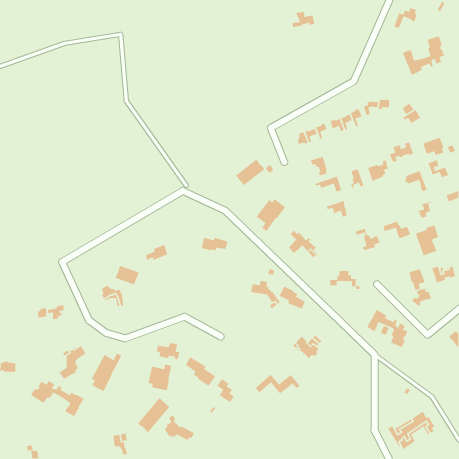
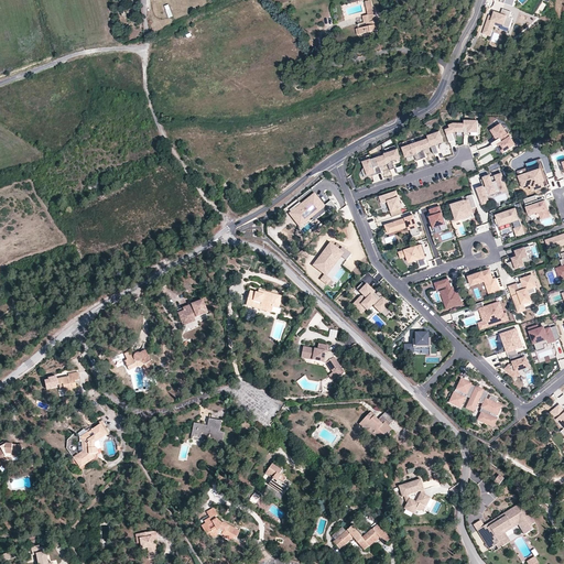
building: [402,36,445,76] -> none
building: none -> [468,301,507,326]
building: [114,265,140,286] -> none
building: [278,286,306,310] -> none
building: [90,353,123,392] -> none
building: [185,356,216,387] -> none
building: [148,364,172,391] -> none
building: [255,374,301,394] -> [333,523,389,549]
building: [30,380,85,417] -> none
building: none -> [398,479,429,513]
building: [137,397,170,434] -> none

